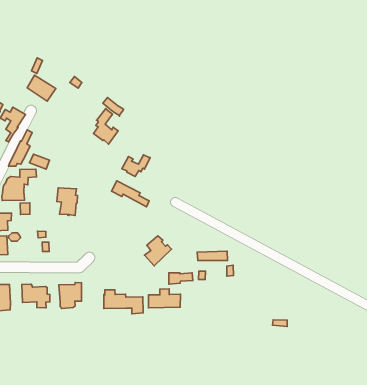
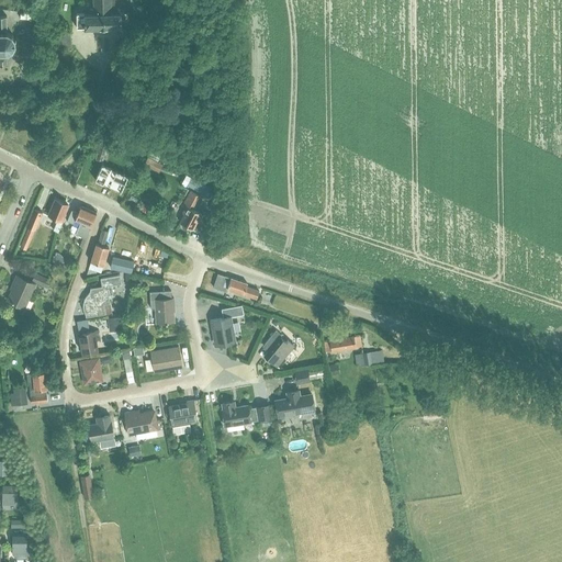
building: [122,155,150,177] -> none
building: none -> [209,305,243,345]
building: none -> [149,348,181,371]

